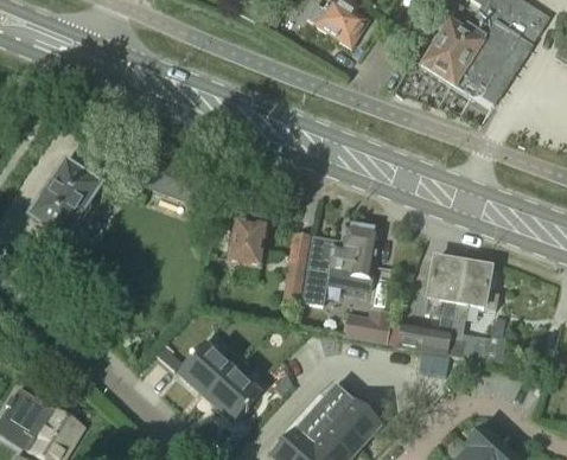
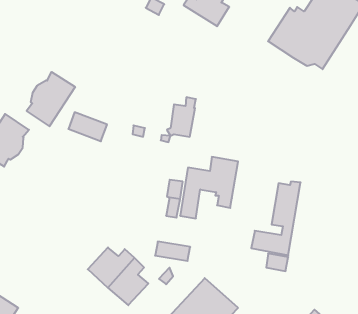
building: none -> [27,72,75,126]
building: [227,211,266,264] -> [167,97,196,137]
building: [447,256,505,362] -> none
building: [342,311,389,337] -> [155,242,190,261]

